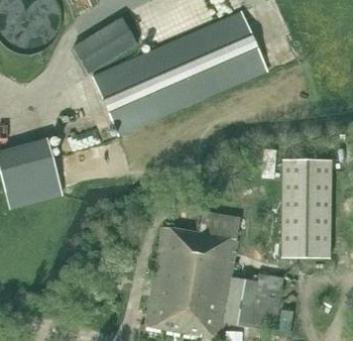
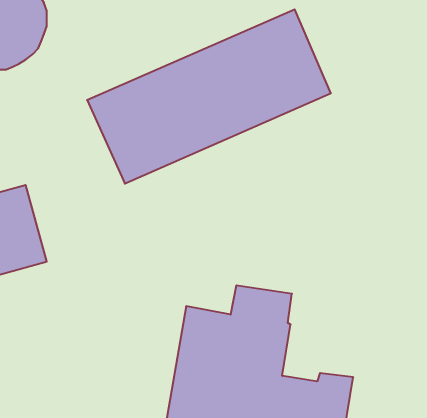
building: [73,15,137,74] -> none
building: [279,159,331,257] -> none

